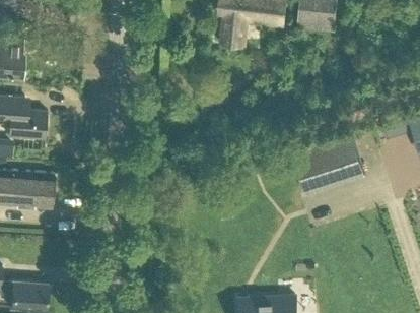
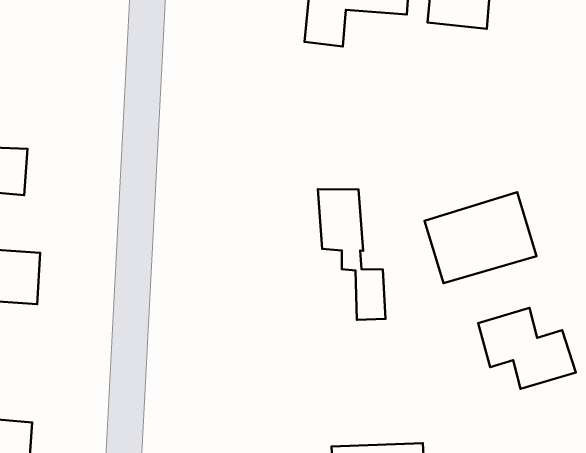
building: none -> [318,189,386,320]
building: none -> [478,308,576,389]

